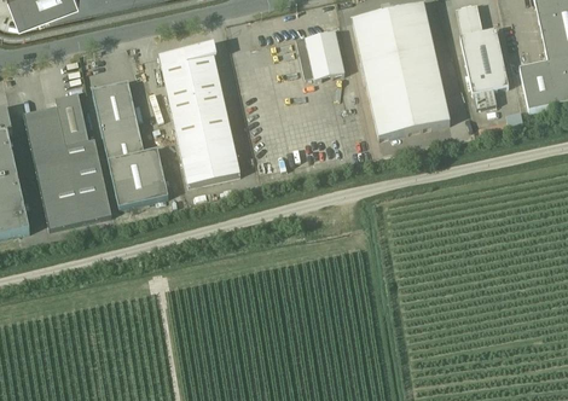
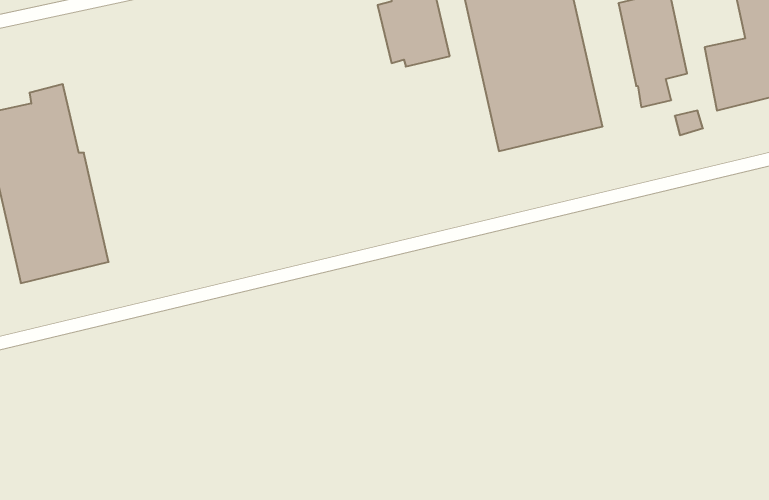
building: [158,43,240,185] -> none
building: [92,80,168,207] -> none

